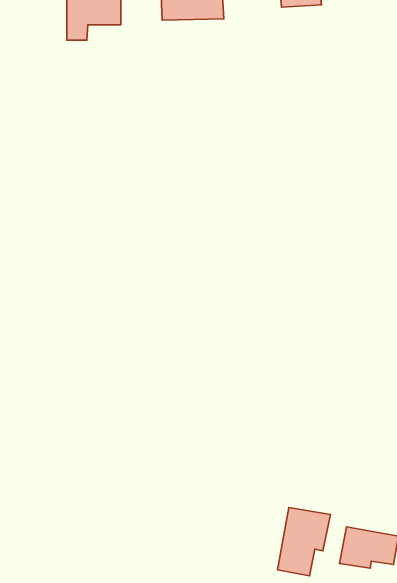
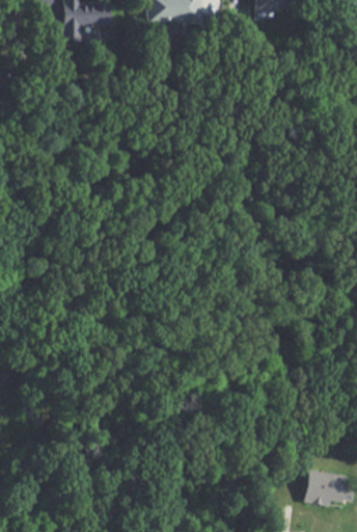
building: [278,507,330,576] -> none

